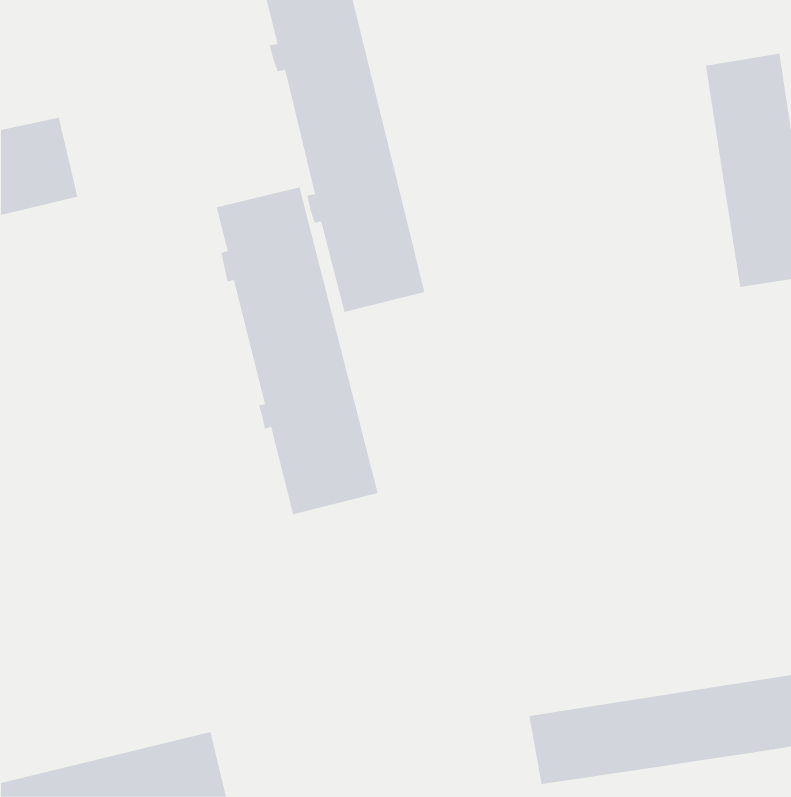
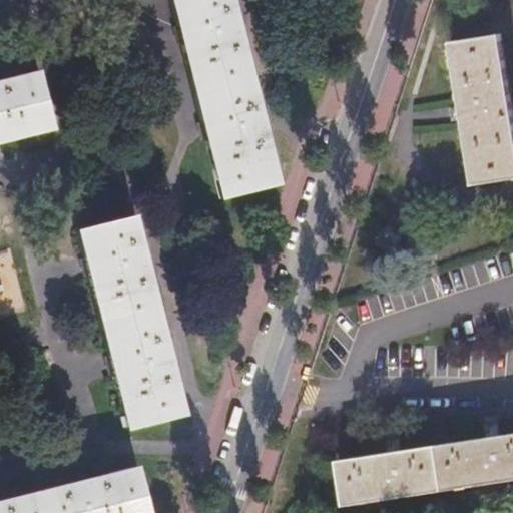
building: [216,187,378,515] -> [82,216,186,427]

